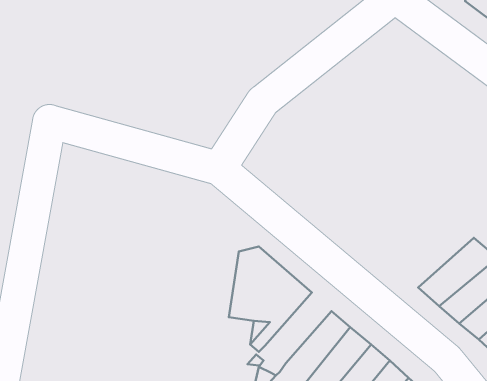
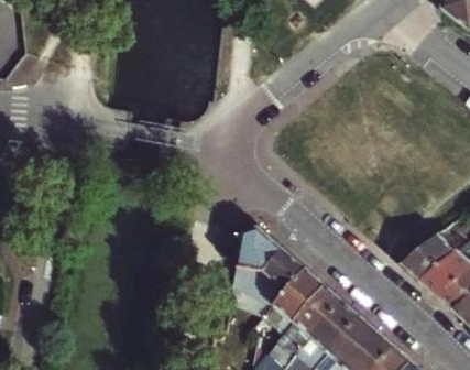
building: none -> [264,269,324,331]

